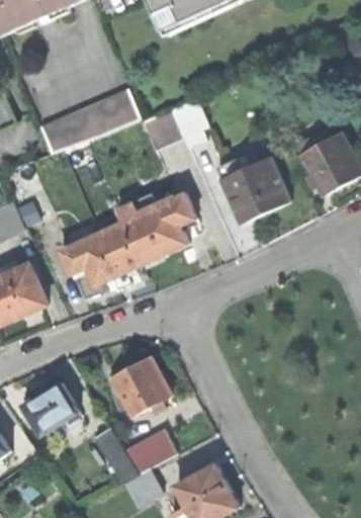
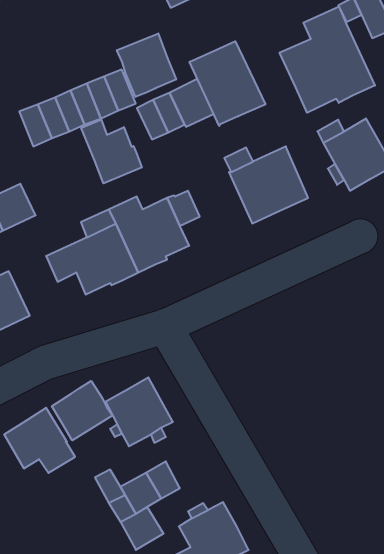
building: none -> [280,6,375,113]
building: none -> [117,33,176,97]
building: none -> [190,41,265,126]
building: none -> [81,119,142,183]
building: none -> [52,381,113,440]

